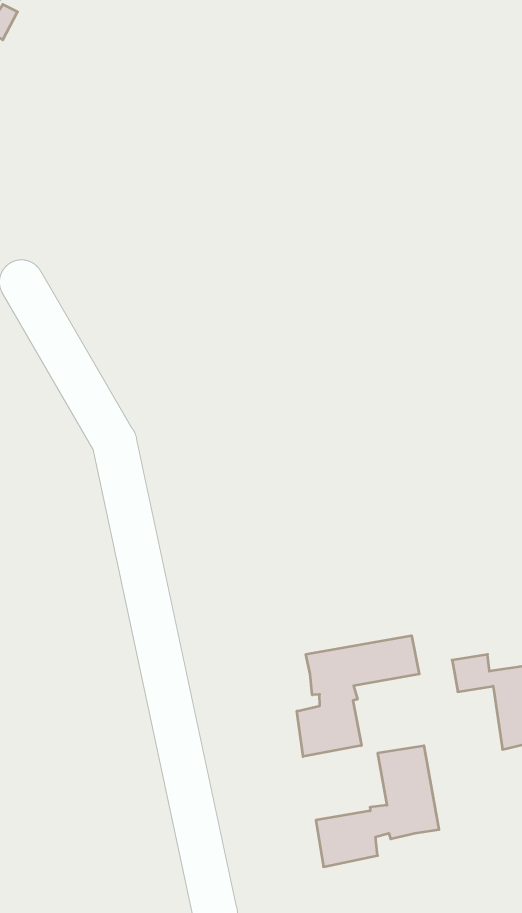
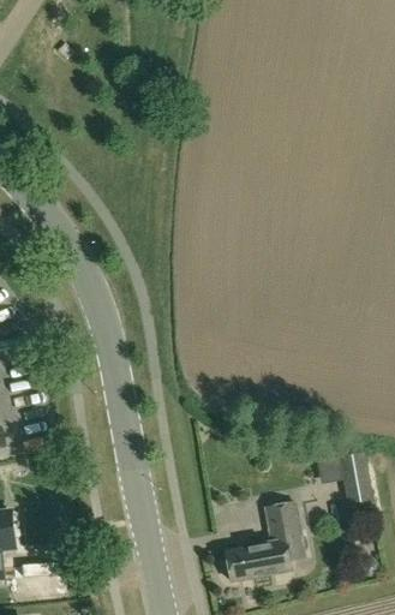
building: [297,636,419,757] -> none

